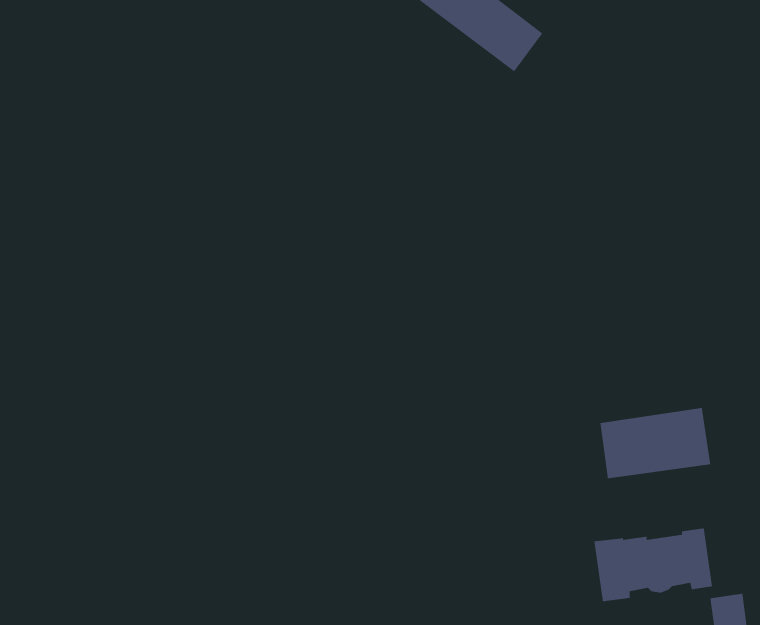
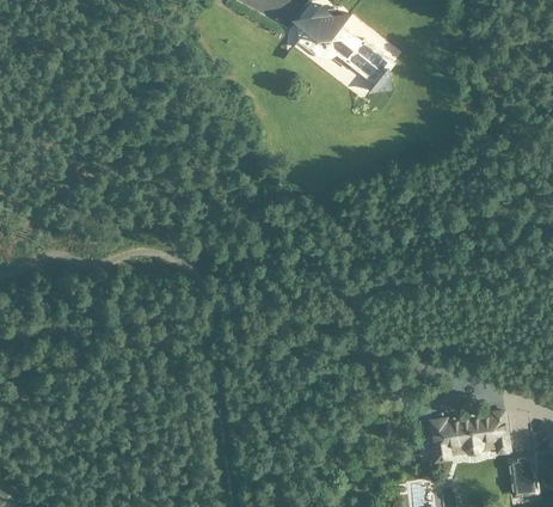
building: [600,407,711,479] -> none

